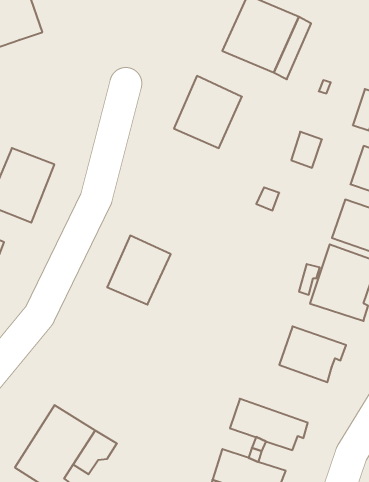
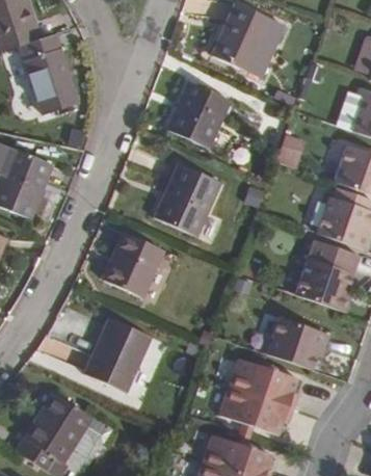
building: none -> [20,32,79,113]
building: none -> [154,161,221,236]
building: none -> [84,317,151,392]
building: none -> [229,358,298,408]

